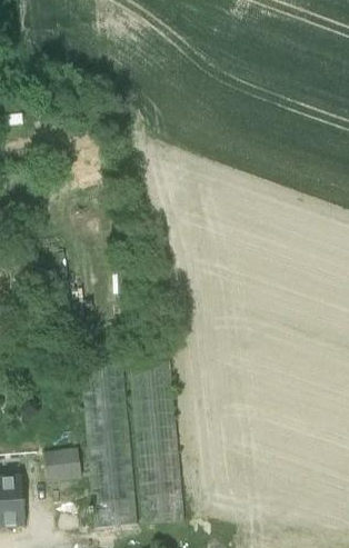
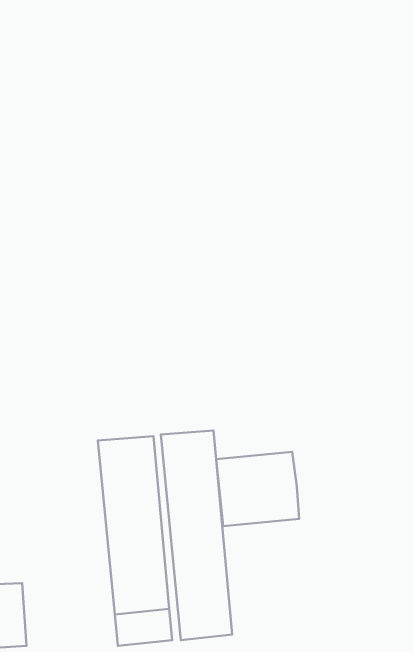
building: none -> [216,452,299,526]
building: [41,448,79,480] -> none

